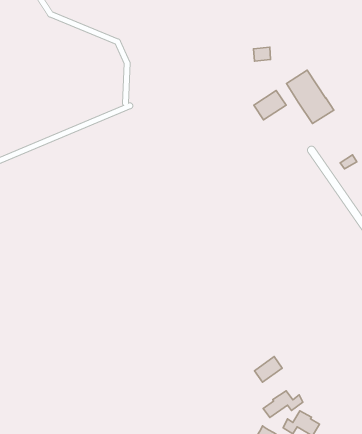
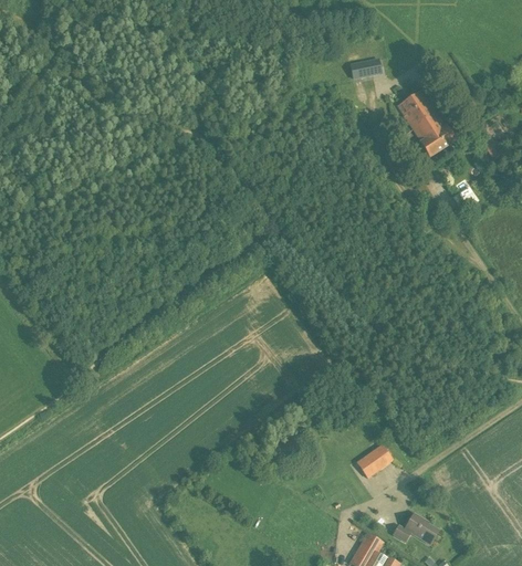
building: [254,91,286,120] -> none
building: [263,391,303,418] -> none

